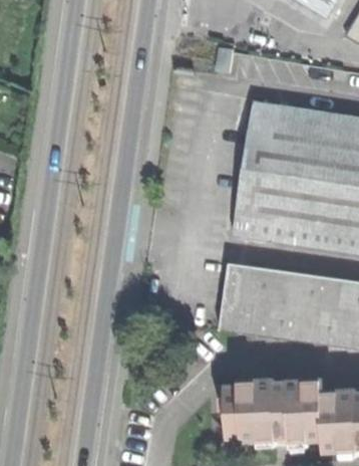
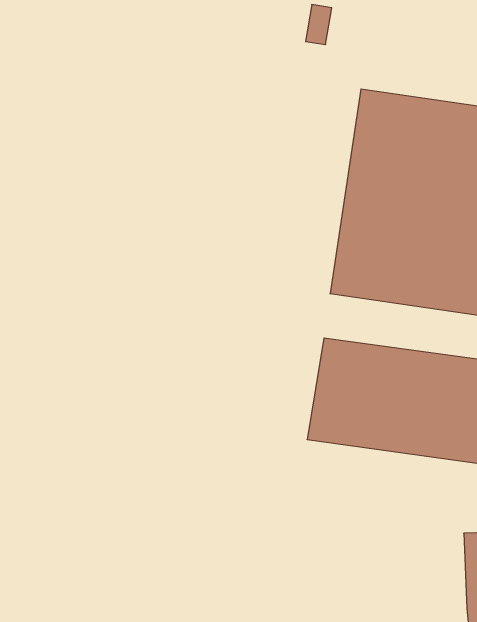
building: [226,380,323,444] -> none

